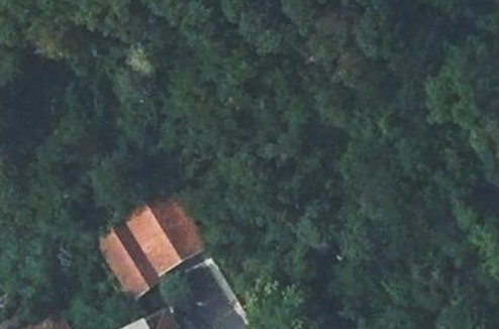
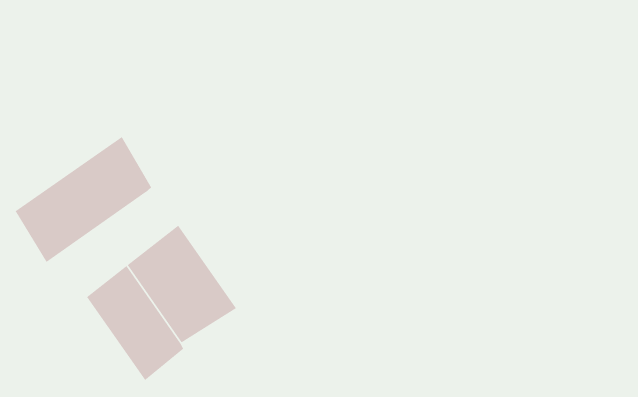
building: none -> [15,136,152,263]

